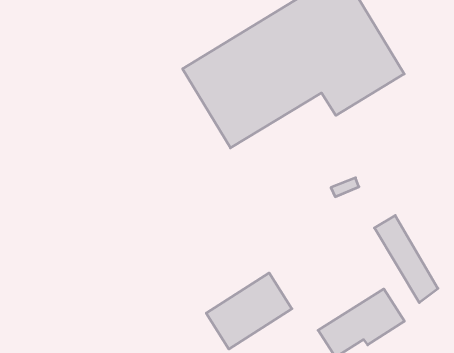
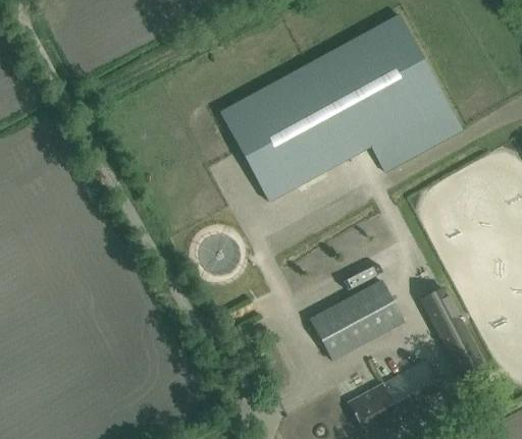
building: [206,273,292,349] -> [310,282,404,363]

